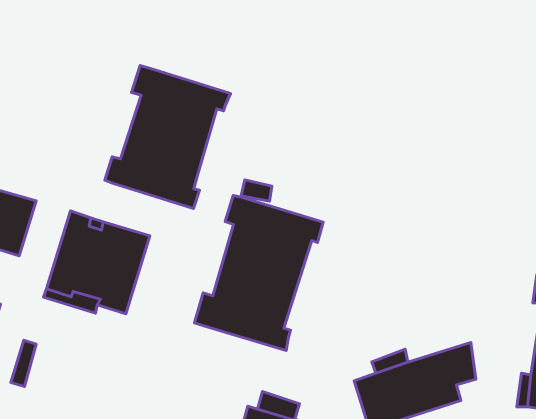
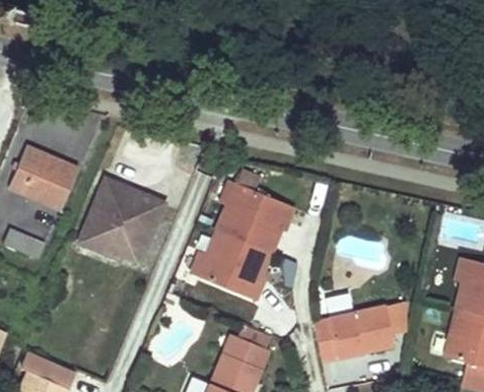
building: [105,65,231,208] -> none

